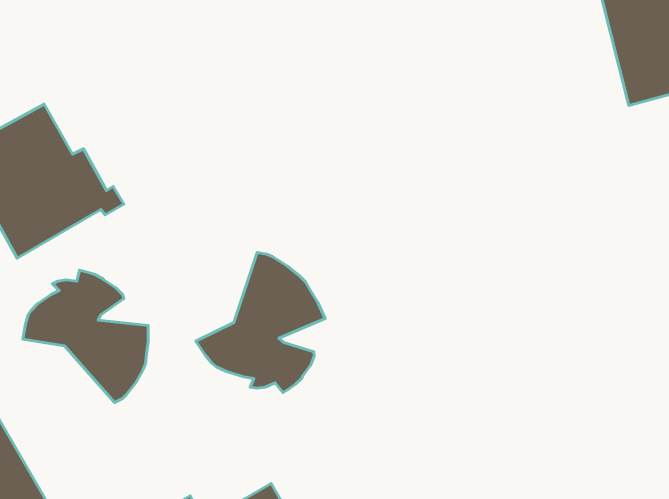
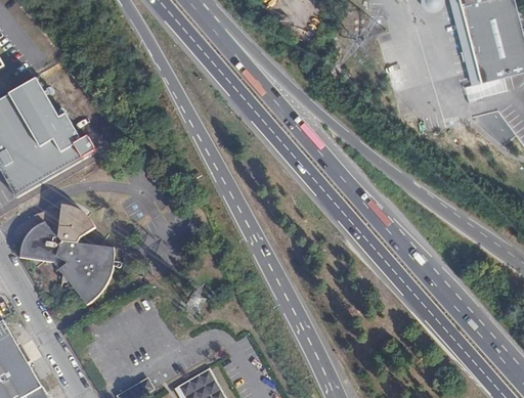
building: [196,252,325,393] -> none

